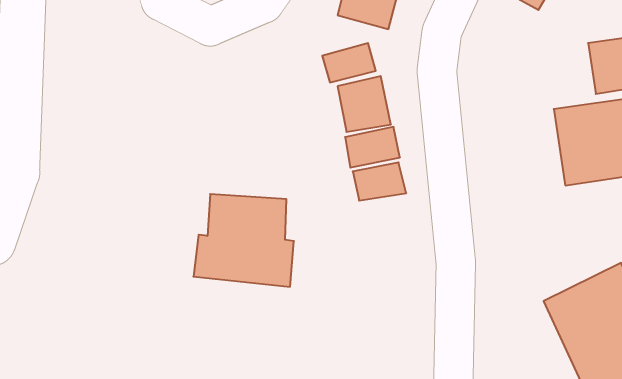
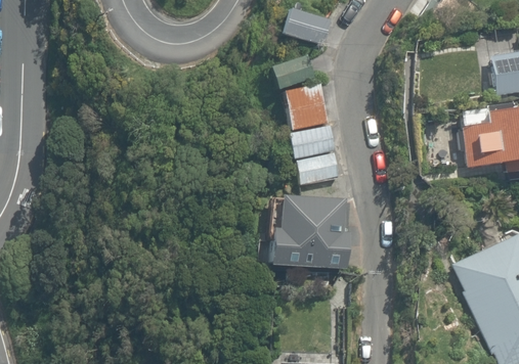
building: [193,194,294,287] -> [267,193,348,268]

